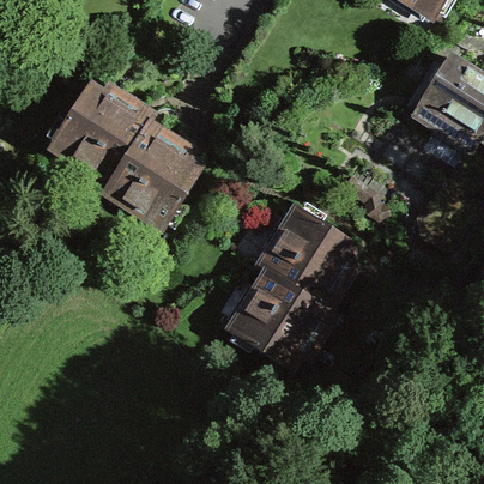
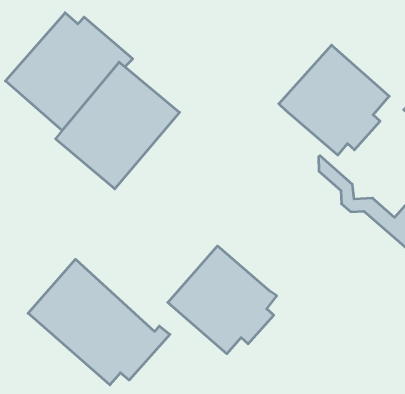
building: [253,202,352,302] -> [279,45,389,155]
building: none -> [28,259,170,385]

